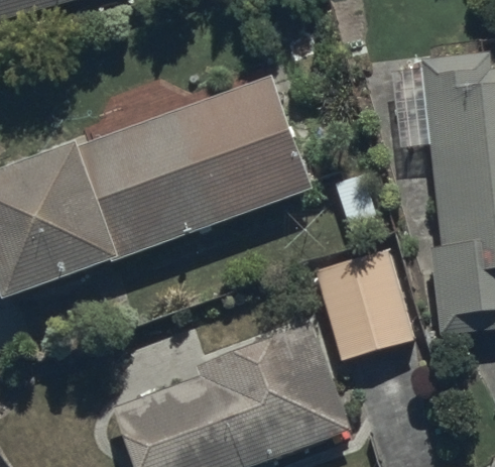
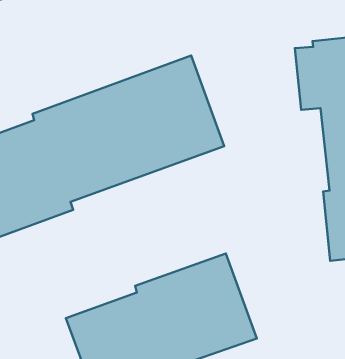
building: [315,249,412,361] -> none

